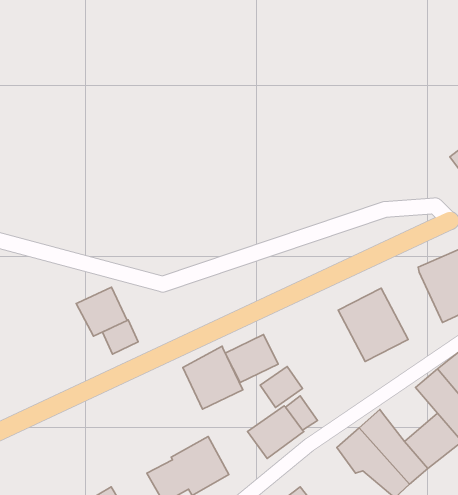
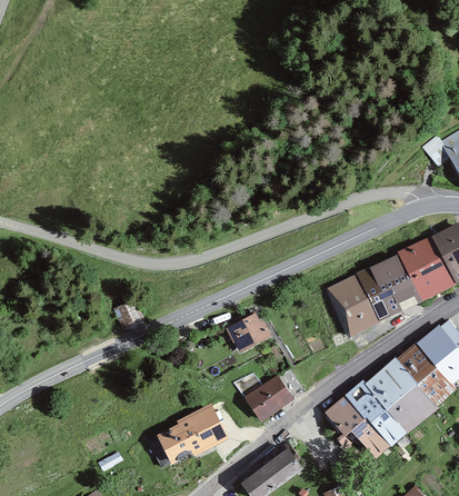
building: none -> [363,255,419,316]
building: [76,287,127,336] -> none
building: [183,346,243,409] -> none
building: [260,366,302,407] -> none
building: none -> [365,357,415,408]

